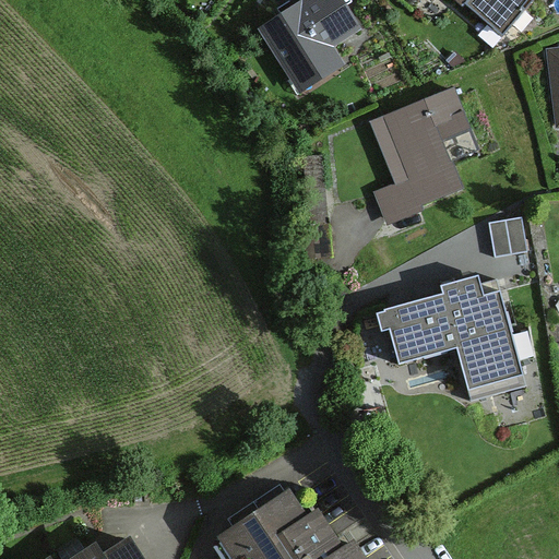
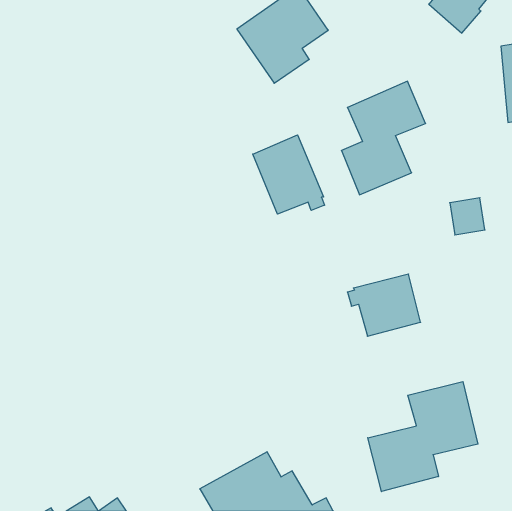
building: none -> [253,135,325,214]
building: [443,280,525,397] -> none
building: none -> [368,382,478,492]

